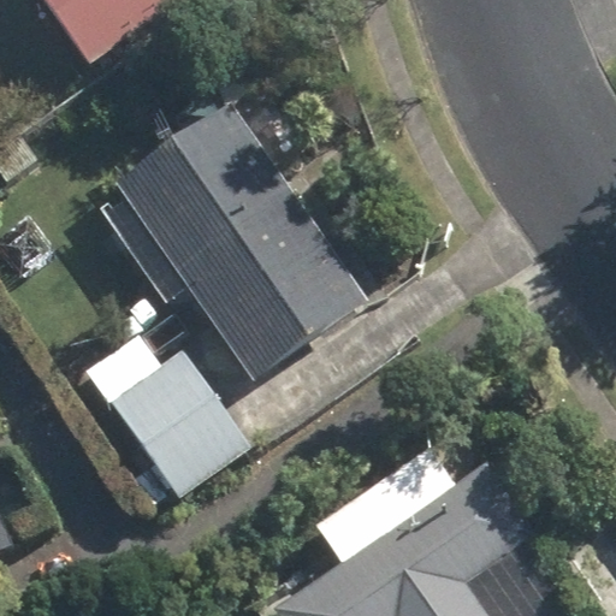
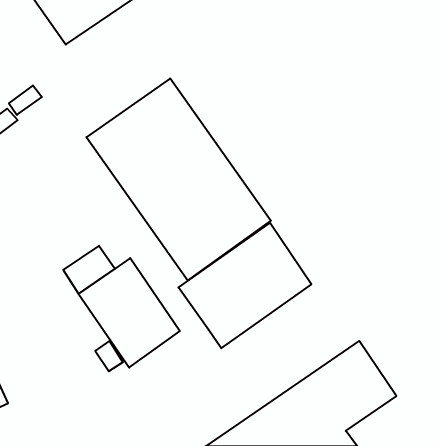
building: none -> [178,223,311,348]

